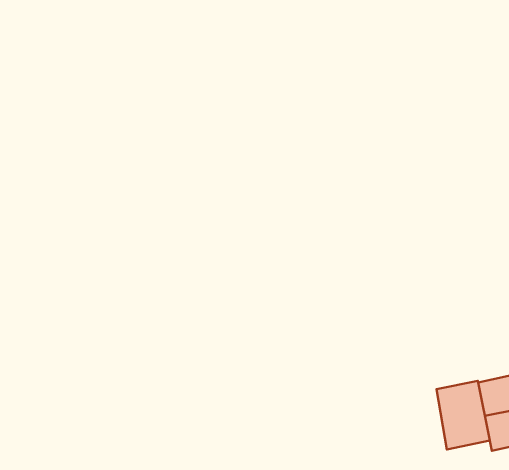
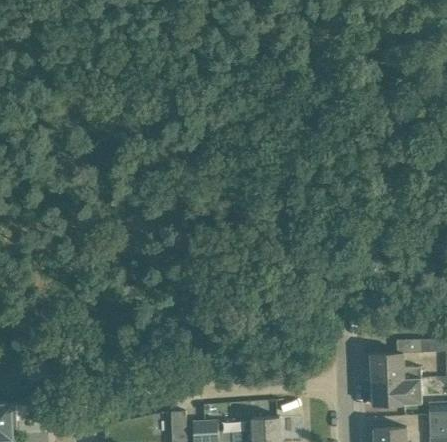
building: [436,381,490,449] -> none

